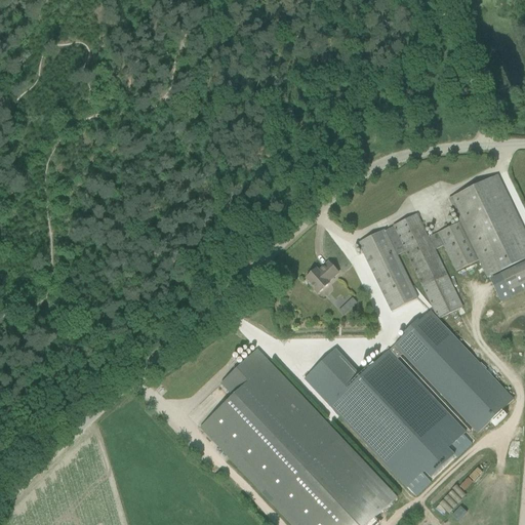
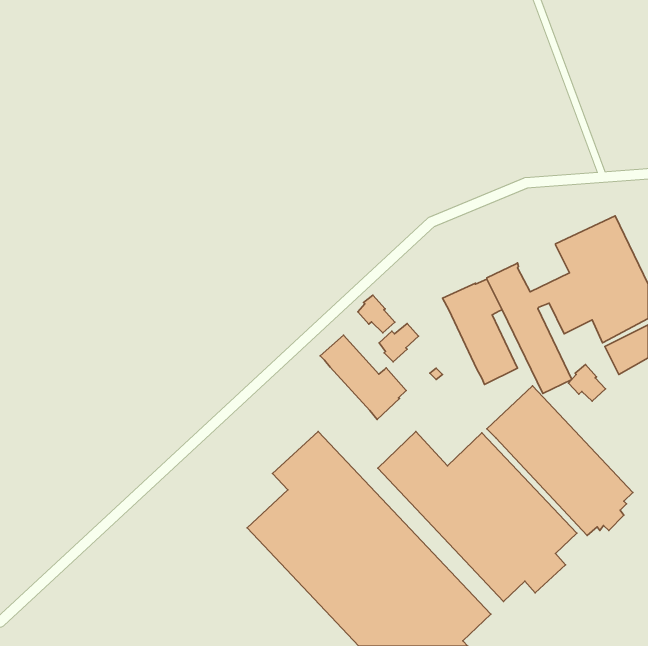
building: none -> [358,295,395,333]
building: none -> [320,335,406,419]
building: none -> [569,365,605,401]

